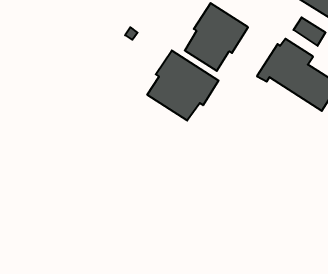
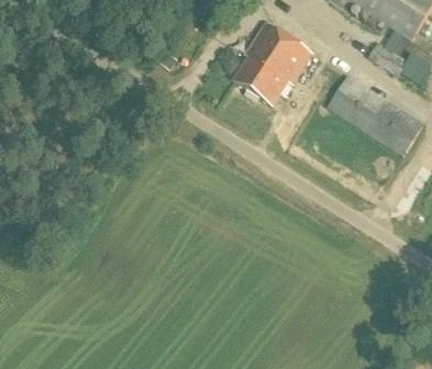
building: [147,50,219,121] -> none

